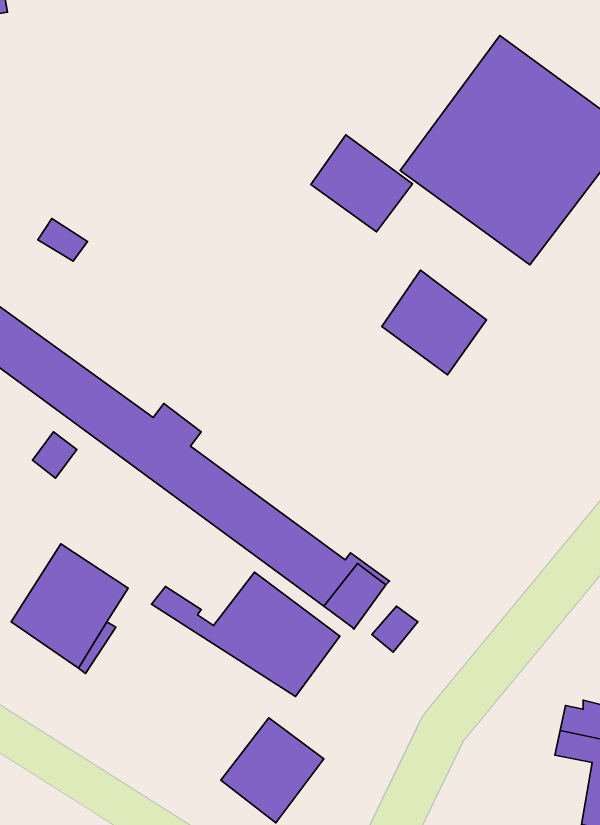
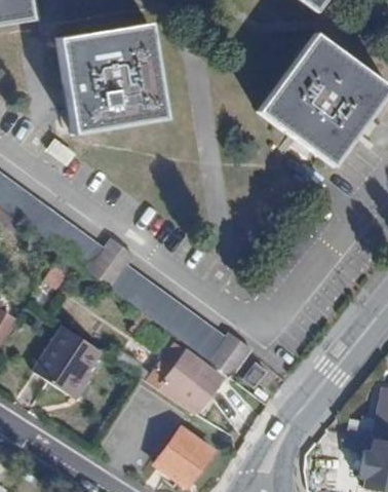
building: none -> [59,24,164,134]
building: [311,135,413,232] -> none
building: [382,270,487,375] -> none

